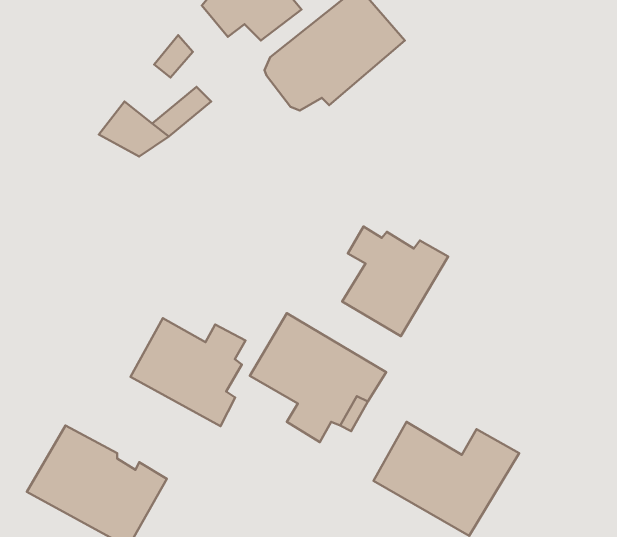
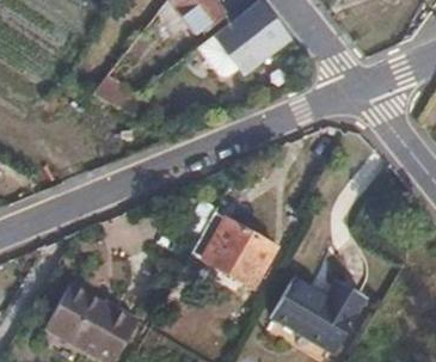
building: [342,226,448,336] -> none
building: [130,318,246,426] -> none

